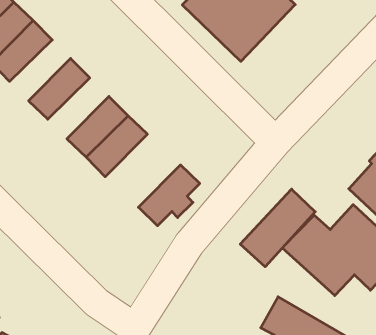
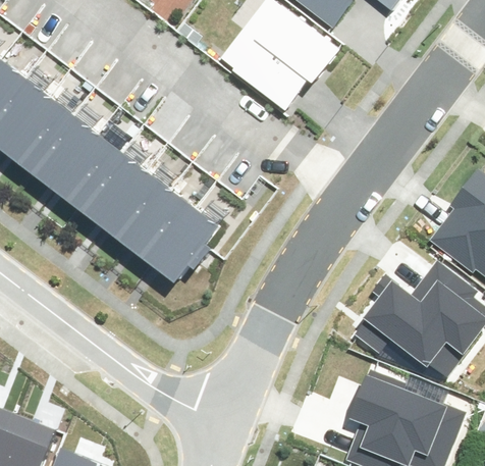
building: none -> [29,113,95,186]
building: none -> [77,151,144,223]
building: [138,165,200,226] -> [151,207,217,279]
building: [240,189,315,267] -> none

